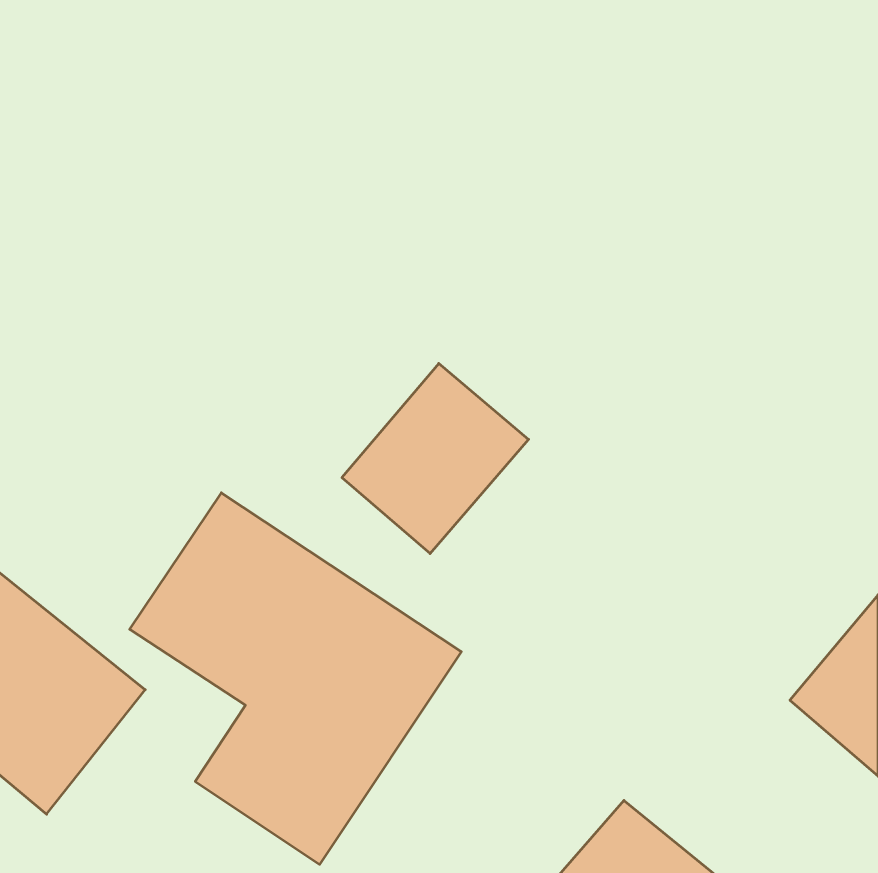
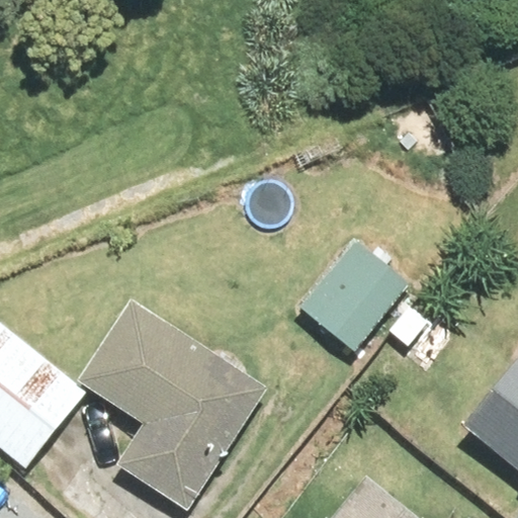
building: [342,363,529,554] -> [303,255,412,366]

